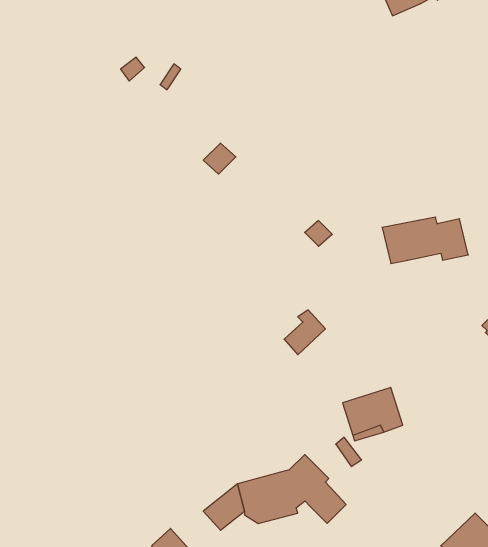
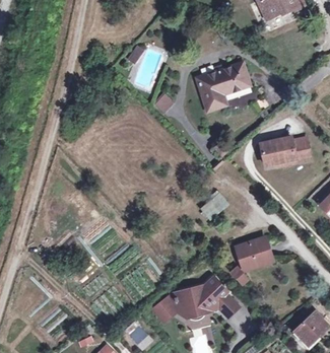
building: none -> [197,62,250,111]

